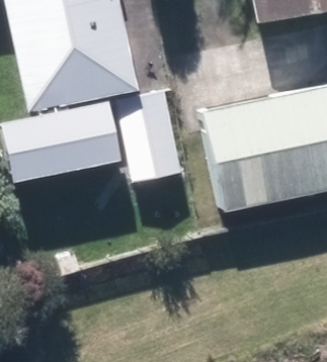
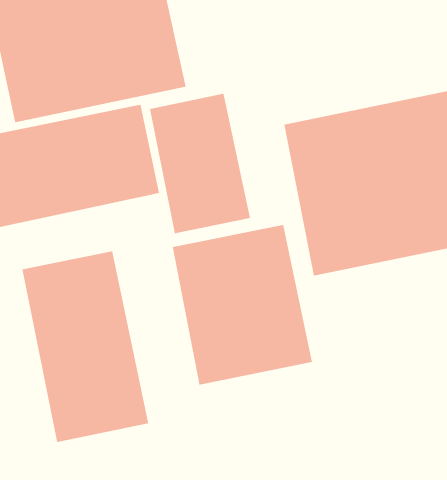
building: none -> [172,224,312,385]
building: none -> [22,250,149,443]

